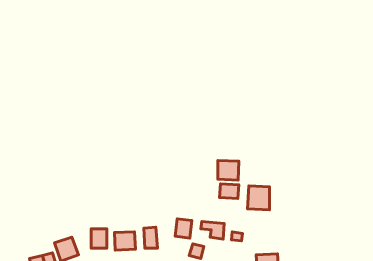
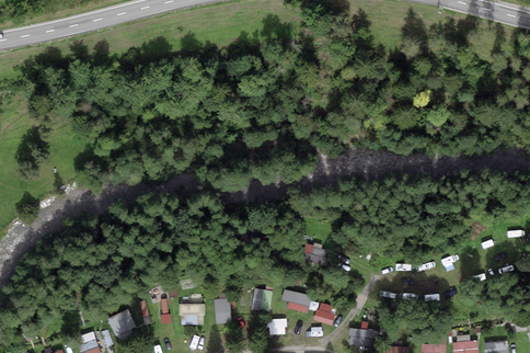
building: [218,160,239,180] -> none
building: [248,186,270,210] -> none

